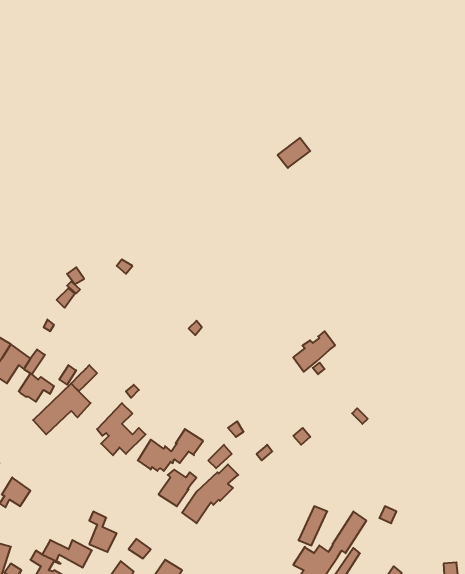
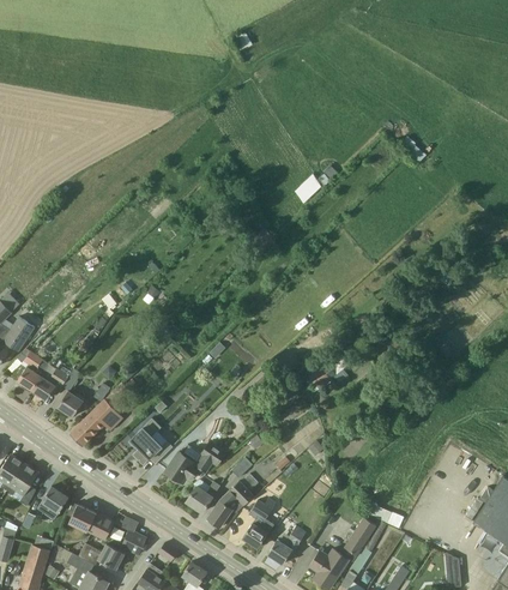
building: none -> [242,499,276,548]
building: none -> [65,504,113,540]
building: none -> [267,519,306,565]

